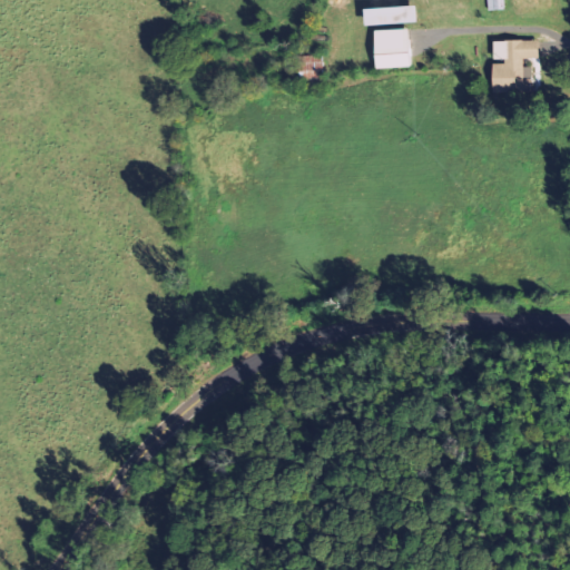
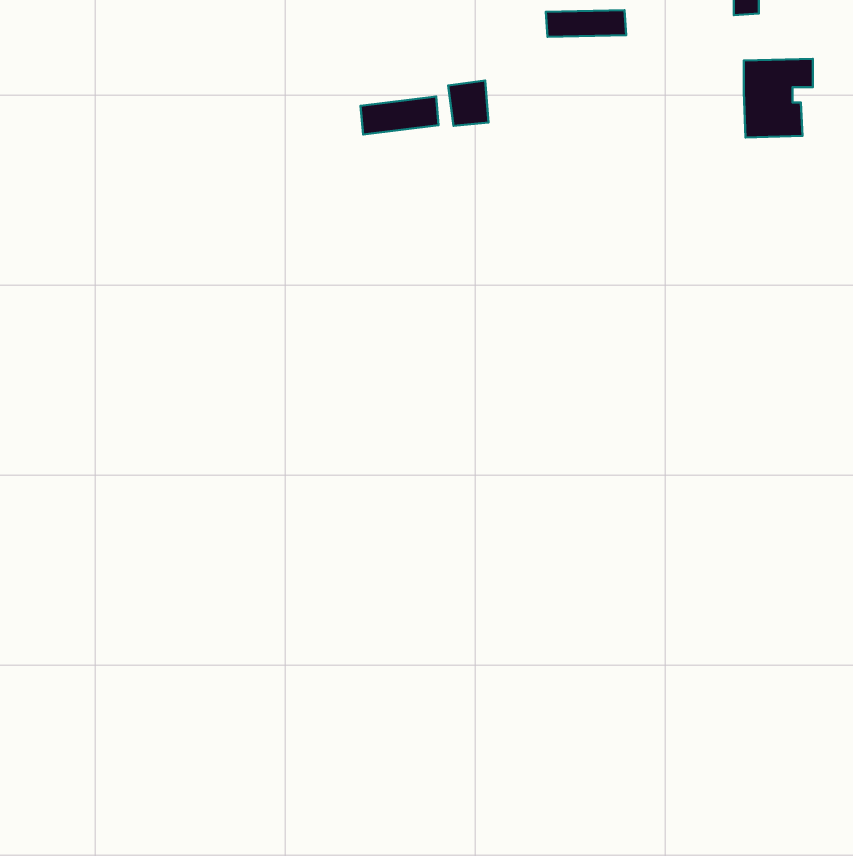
building: [372,29,409,68] -> none
building: none -> [361,97,439,135]

